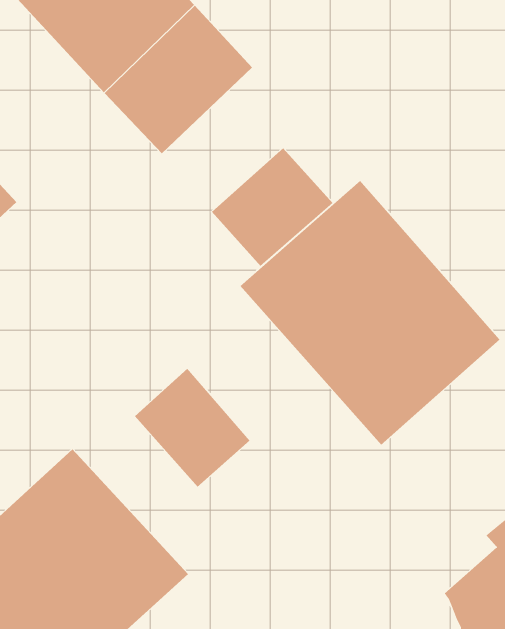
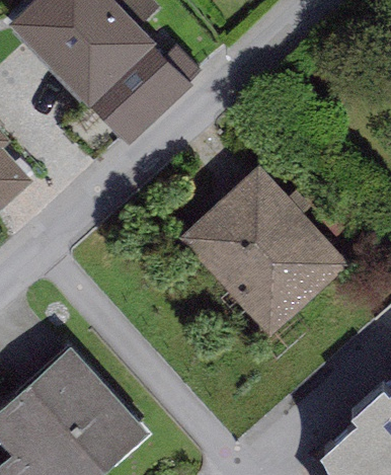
building: [211,148,334,267] -> none
building: [134,368,251,488] -> none

